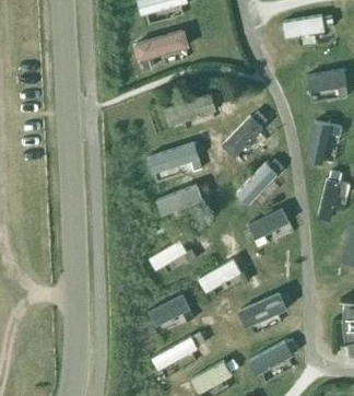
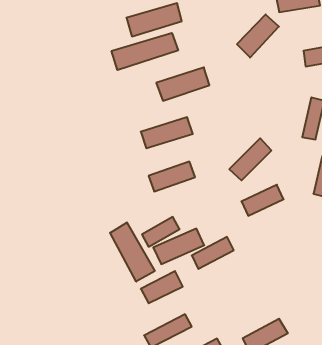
building: none -> [112,33,178,70]
building: [222,115,263,158] -> [237,14,279,58]
building: none -> [110,222,155,282]
building: [238,293,288,328] -> [153,229,204,264]

